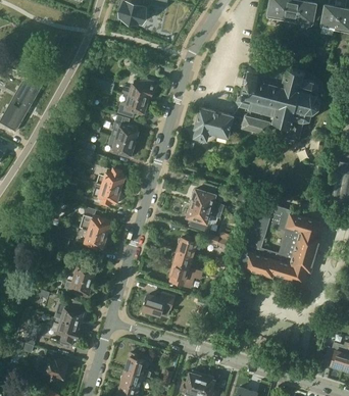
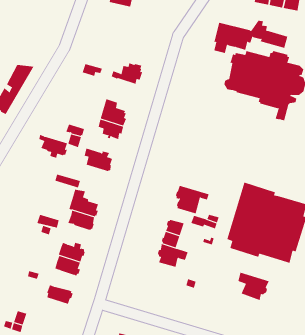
building: [118,95,149,117] -> none
building: [195,106,270,140] -> [214,20,288,53]
building: [91,181,120,205] -> [39,134,68,158]
building: [192,183,225,212] -> none
building: none -> [238,272,269,301]
building: [144,294,174,317] -> none
building: [52,317,81,346] -> none

